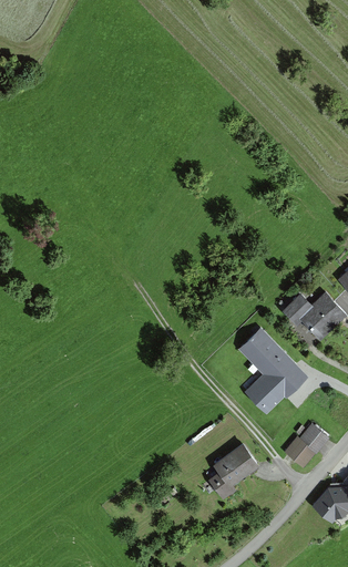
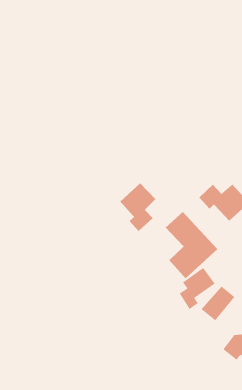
building: none -> [120,182,156,232]
building: [209,445,257,501] -> [179,267,216,310]

